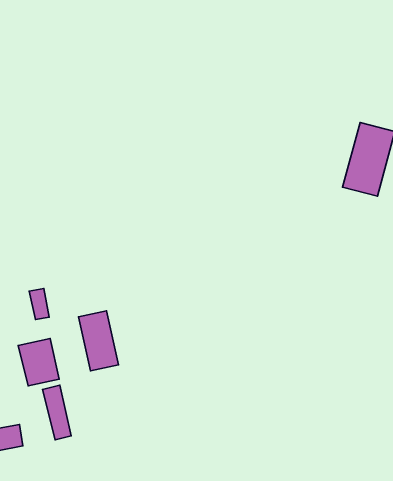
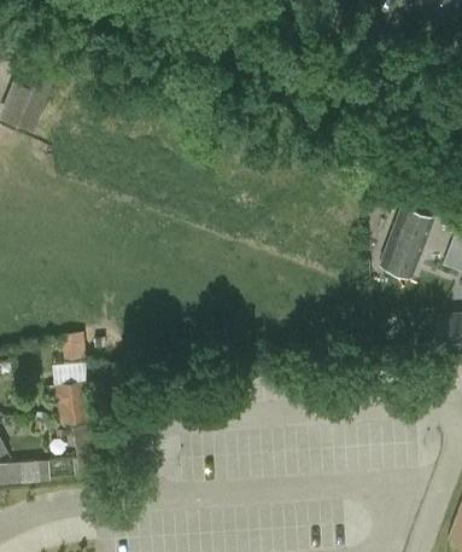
building: [79,311,119,371] -> none

